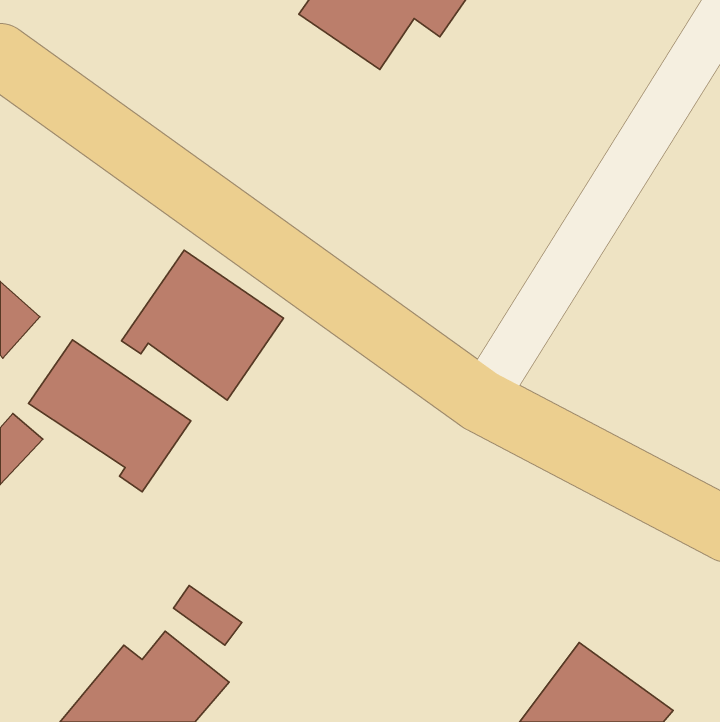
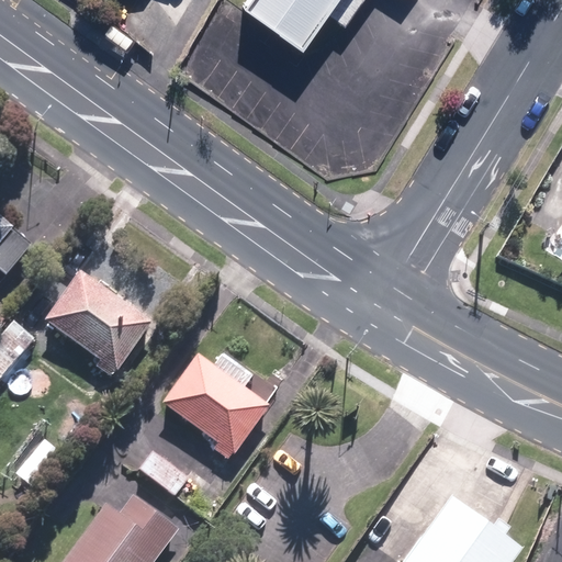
building: [122,250,283,400] -> none
building: none -> [160,353,271,459]

